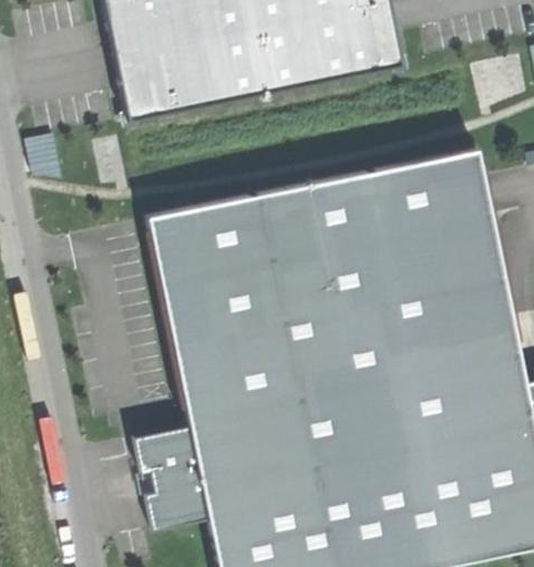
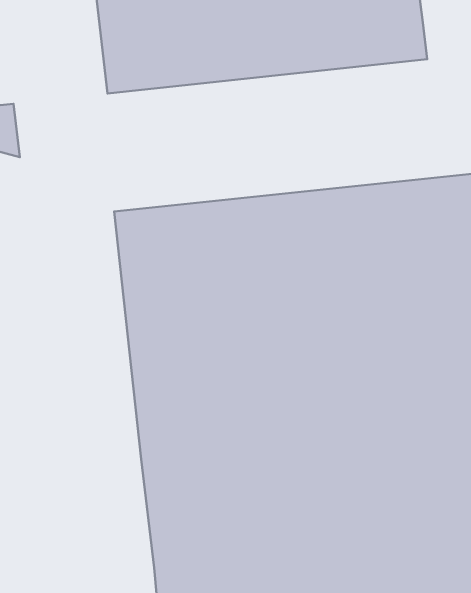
building: [138,426,213,527] -> none

